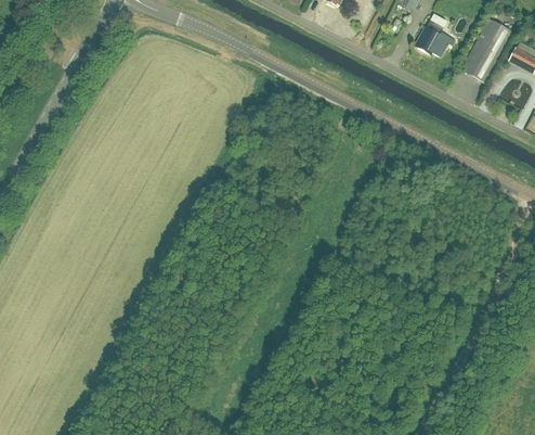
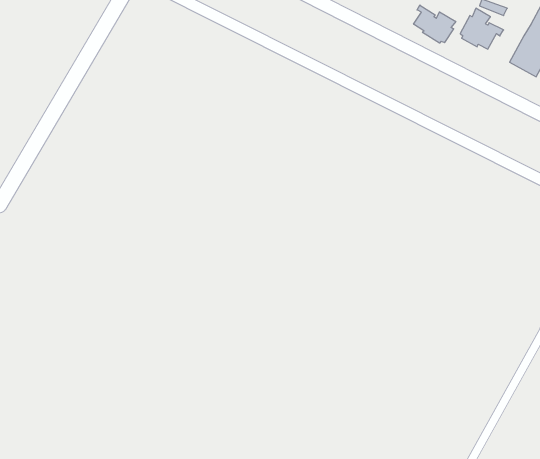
building: none -> [414,5,456,43]

